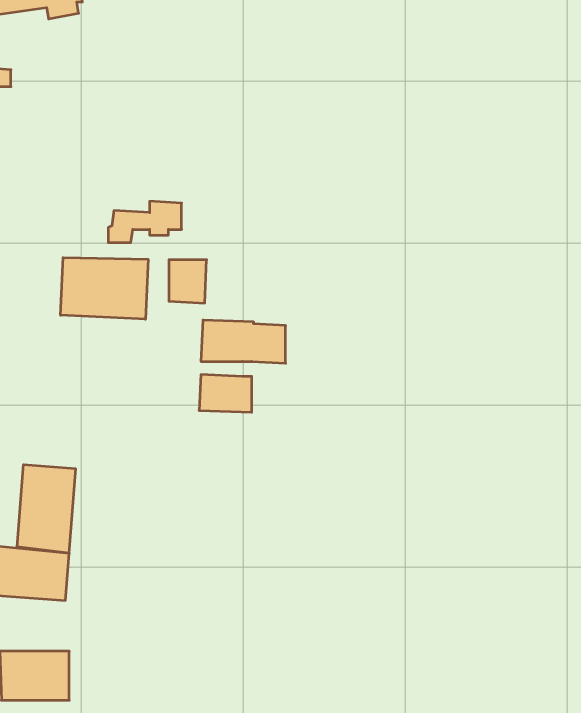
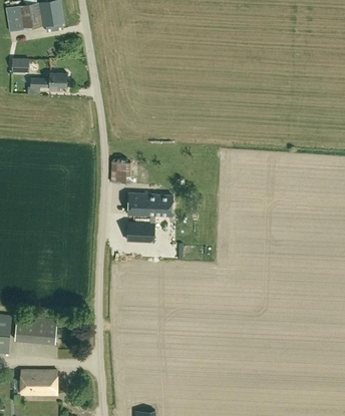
building: [108,201,182,243] -> [27,72,66,94]
building: [61,258,148,319] -> none
building: [17,465,75,553] -> none

